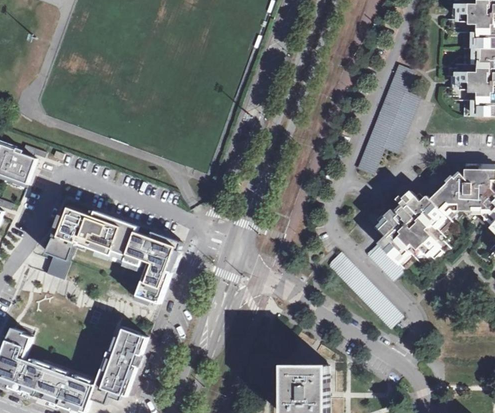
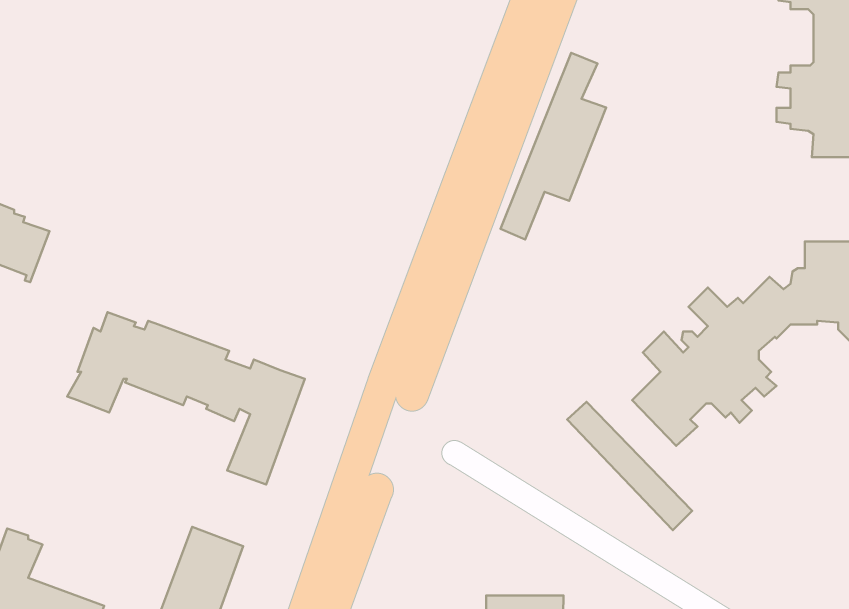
building: [358,67,418,173] -> [501,53,606,240]
building: [45,254,70,279] -> none

